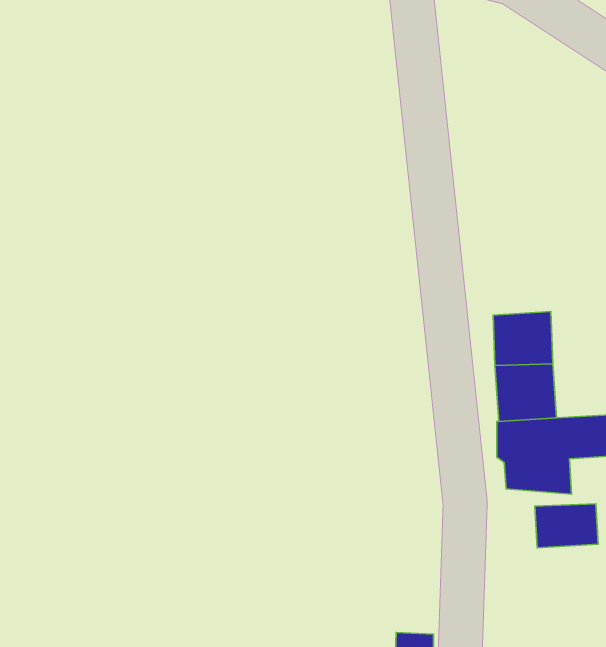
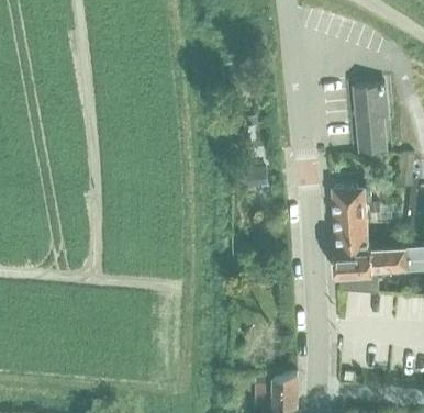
building: none -> [354,85,387,150]
building: [535,504,598,548] -> none

